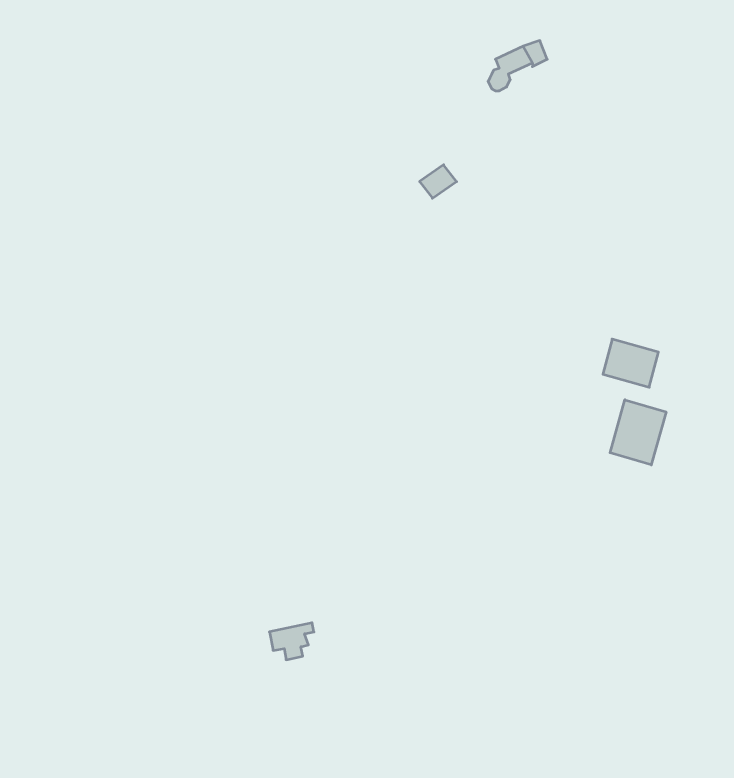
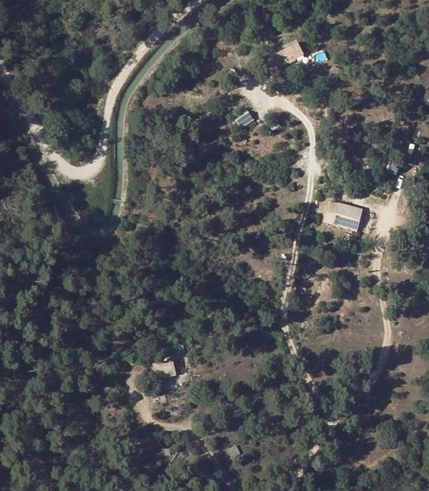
building: [610,400,666,465] -> none

